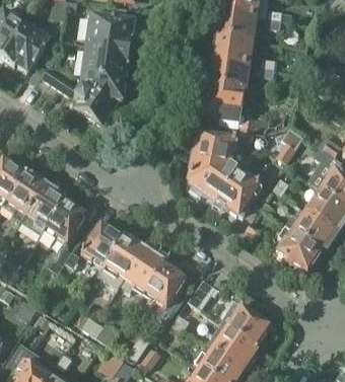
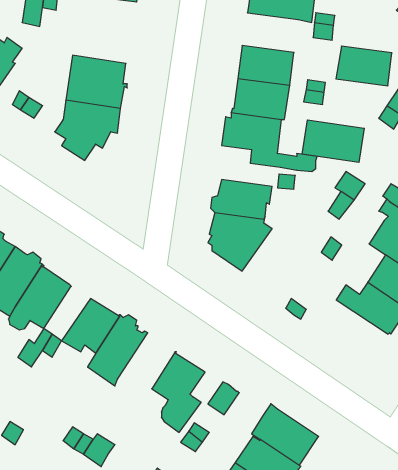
building: [213,10,255,40] -> [336,46,392,86]
building: [87,13,132,48] -> none
building: none -> [302,120,364,162]
building: [213,170,259,215] -> none
building: [275,223,322,271] -> none
building: [121,247,163,289] -> none

